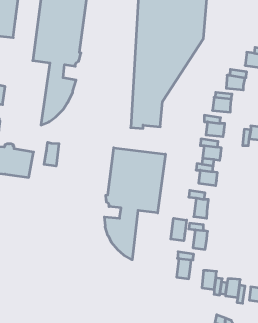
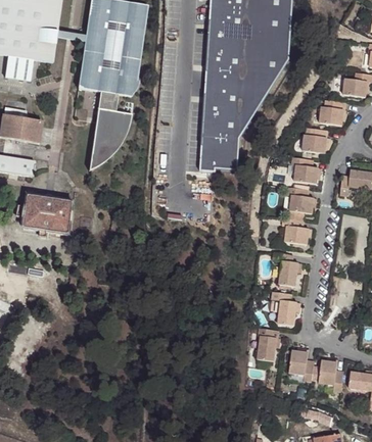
building: [44,142,59,166] -> none
building: [104,148,165,260] -> none
building: [171,218,187,241] -> none

